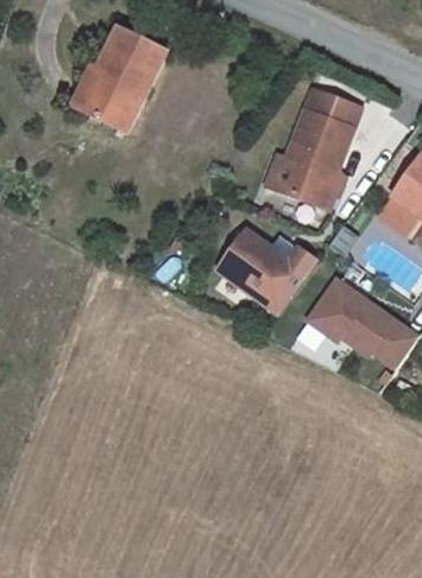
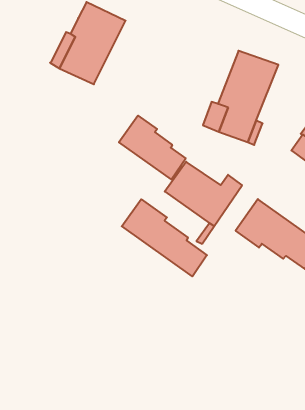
building: none -> [119,116,186,179]
building: none -> [122,199,207,276]

